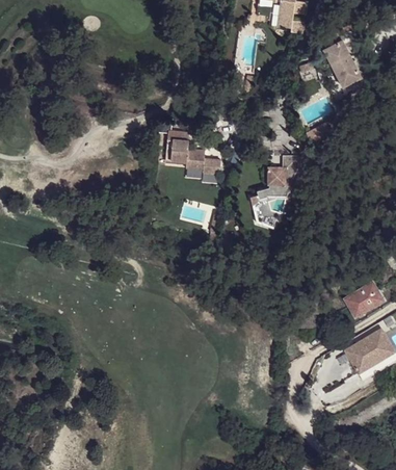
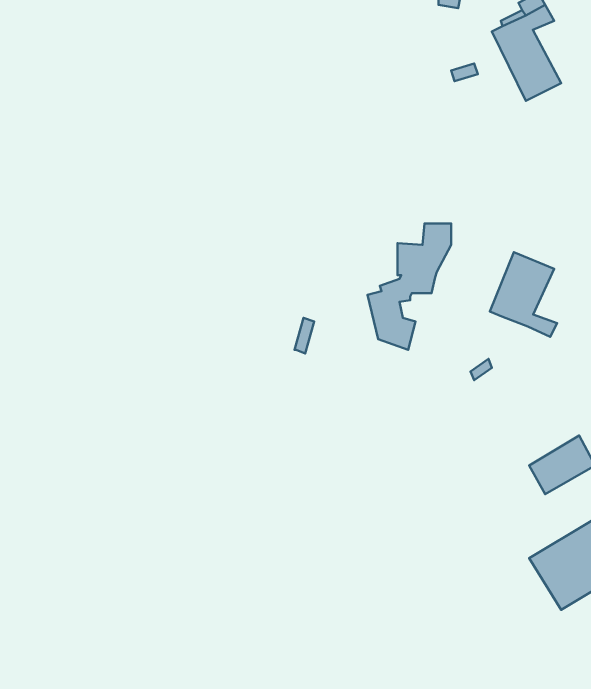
building: [161,130,217,175] -> none
building: none -> [490,252,557,337]

